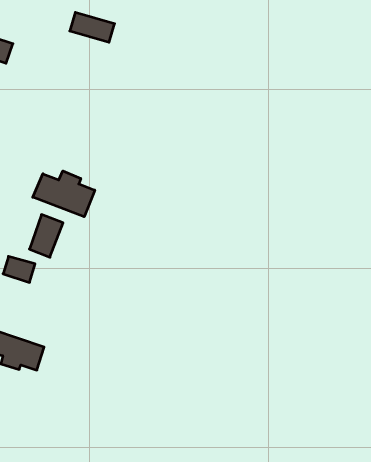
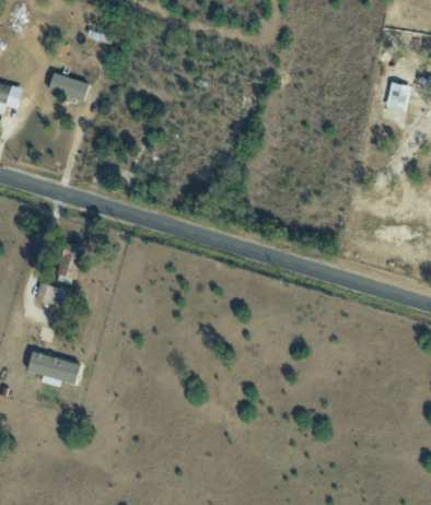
building: [70,12,115,42] -> [48,74,89,98]
building: [33,171,95,217] -> none

